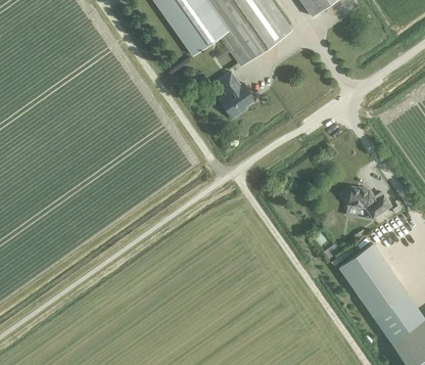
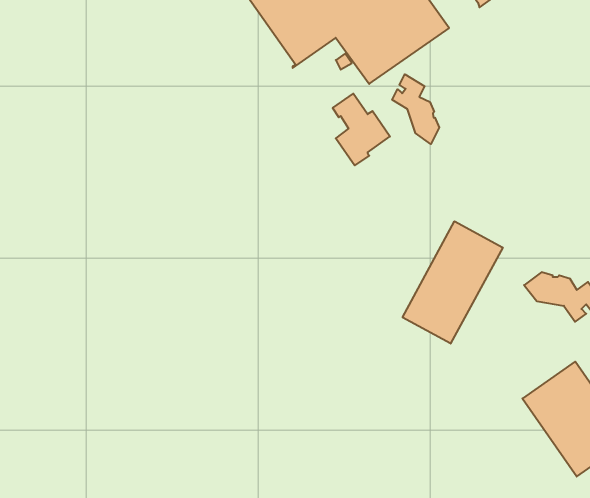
building: none -> [392,74,439,144]
building: none -> [403,221,503,344]

